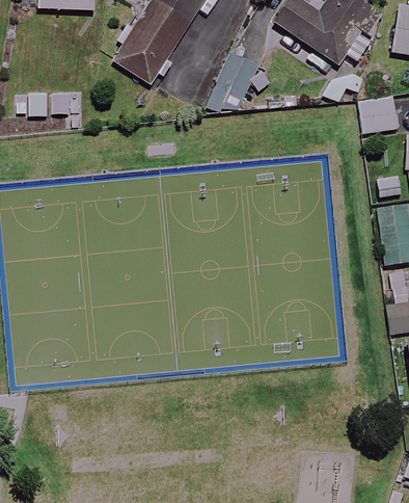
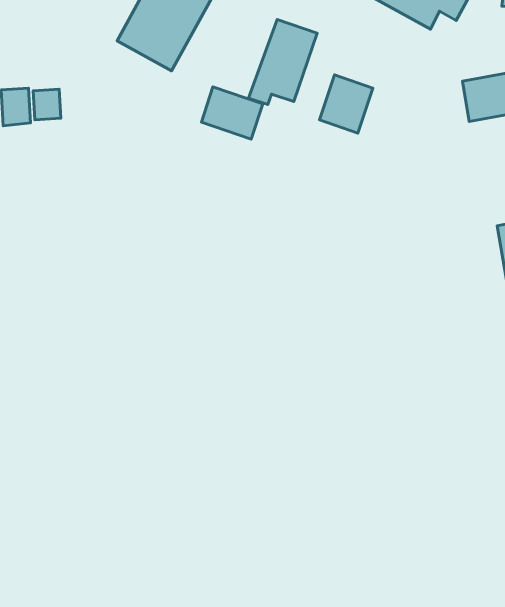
building: none -> [320,75,373,133]
building: none -> [201,87,263,139]

